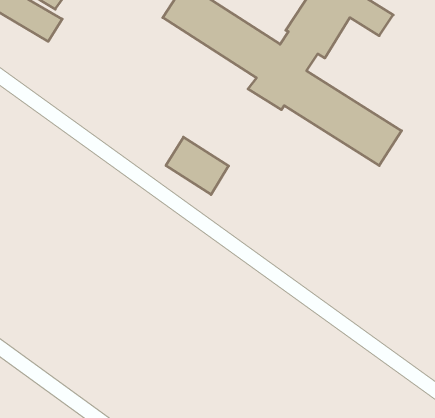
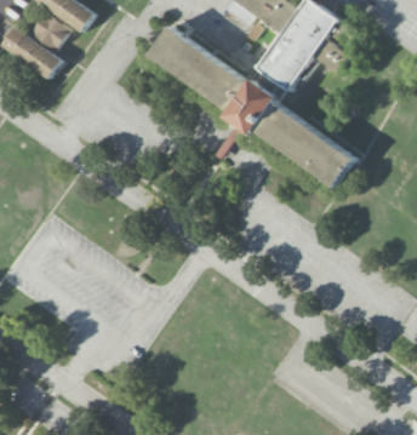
building: [166,137,229,195] -> none

